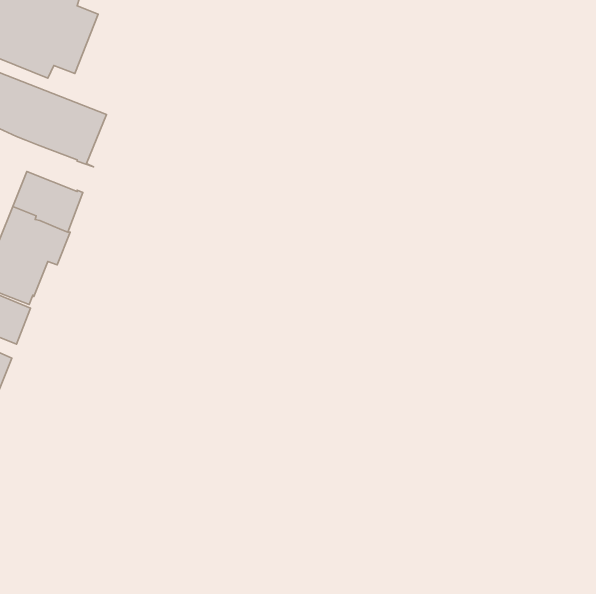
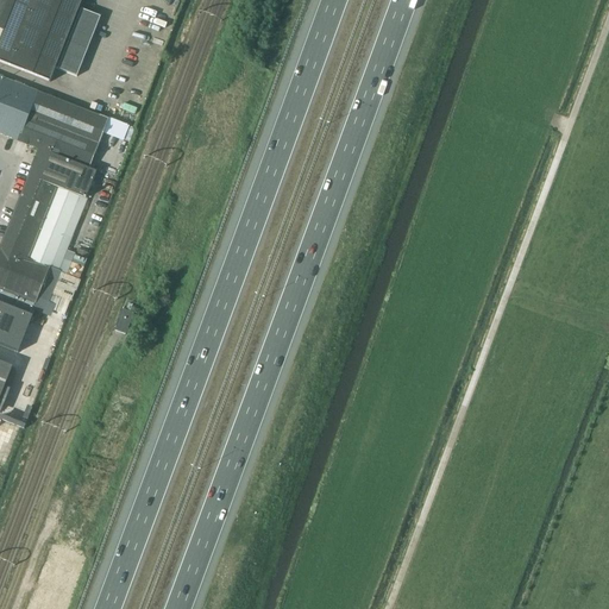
building: none -> [27,147,95,196]

